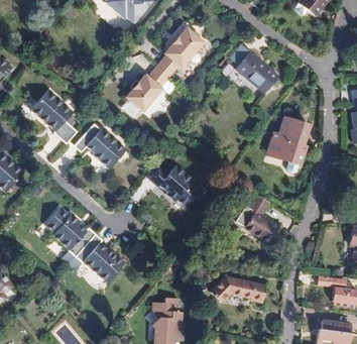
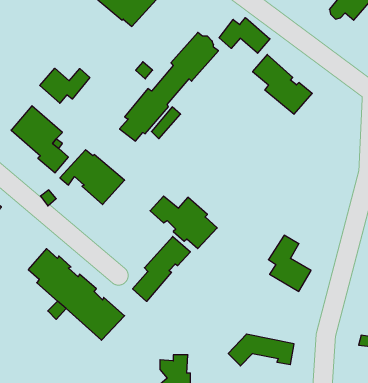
building: none -> [219,18,270,53]
building: none -> [40,68,90,103]
building: [266,116,313,166] -> none
building: none -> [133,236,190,301]

